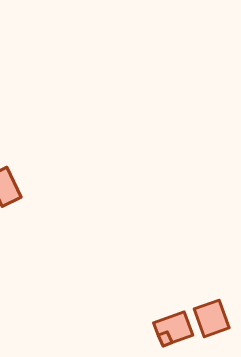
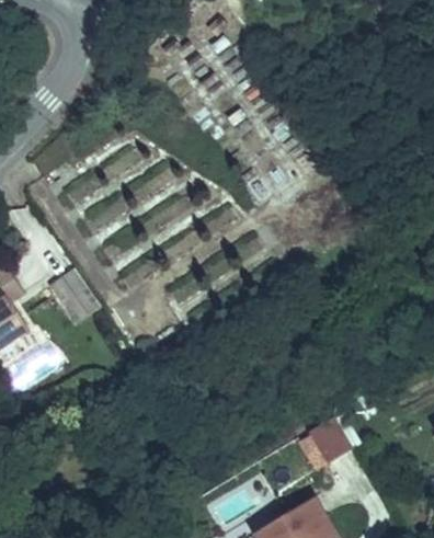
building: [194,300,229,337] -> none

